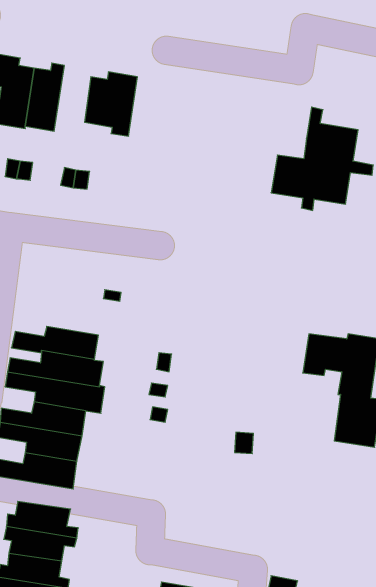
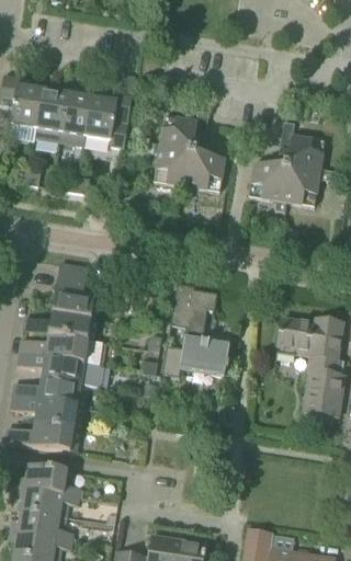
building: none -> [59,85,91,147]
building: none -> [139,108,224,196]
building: none -> [53,263,101,320]
building: none -> [162,284,229,377]

